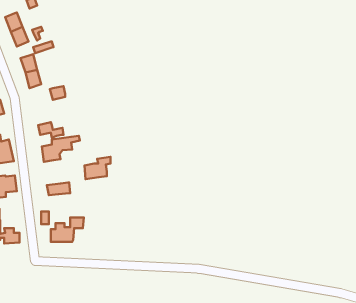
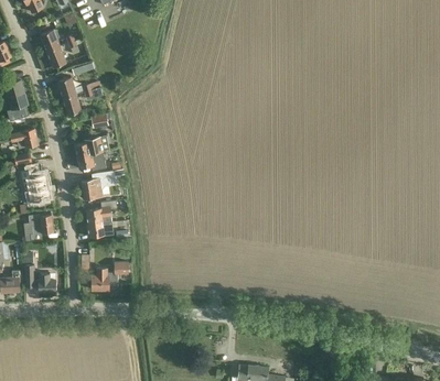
building: none -> [74,135,109,157]
building: [84,157,111,179] -> [86,200,116,226]

